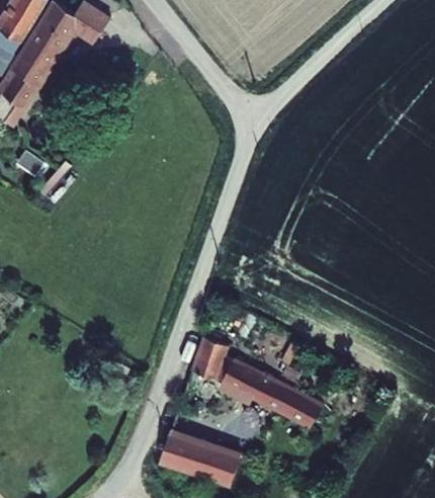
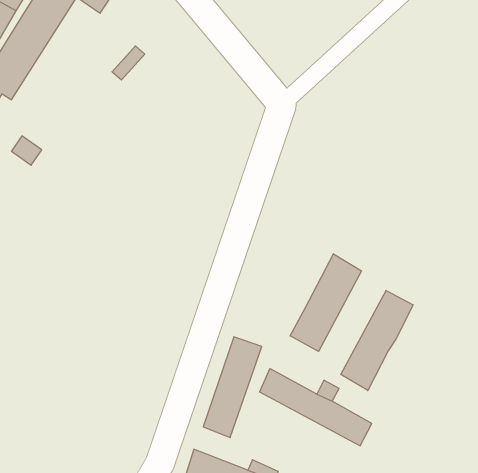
building: none -> [290,254,362,351]
building: none -> [341,290,413,391]

